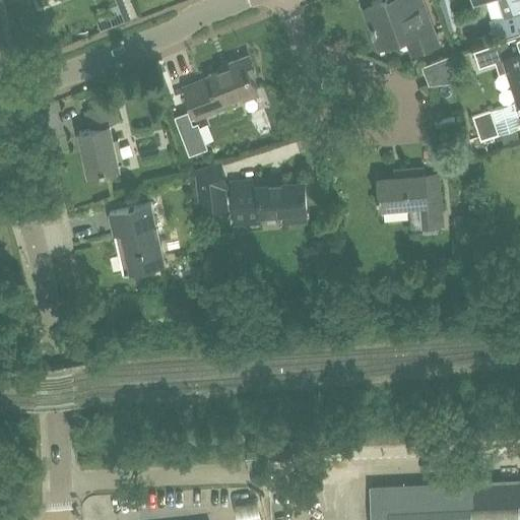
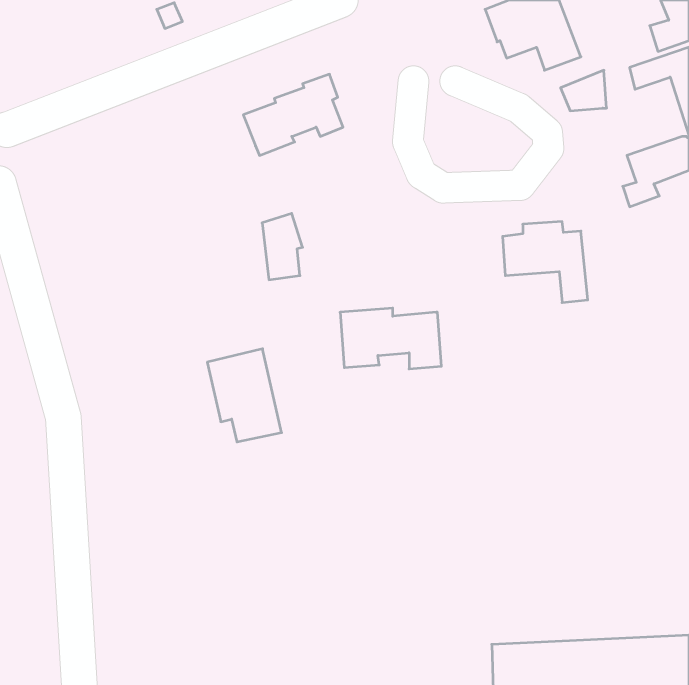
building: [77,105,119,178] -> none
building: [175,114,205,156] -> none
building: [231,182,307,228] -> [340,308,441,369]
building: [109,204,165,274] -> [207,349,282,442]

